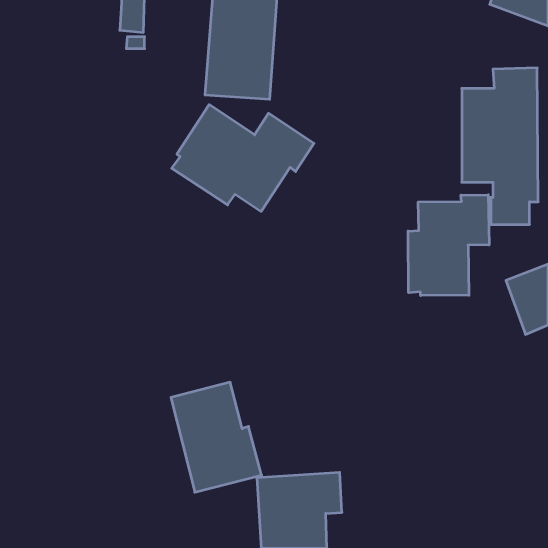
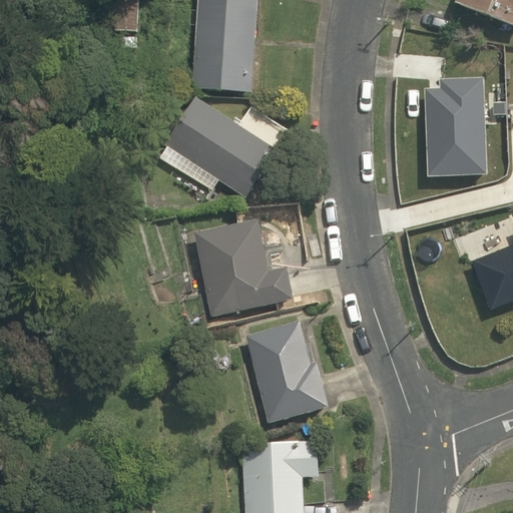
building: [408,195,489,296] -> none
building: none -> [192,219,294,317]
building: [171,382,262,492] -> [244,321,329,423]

